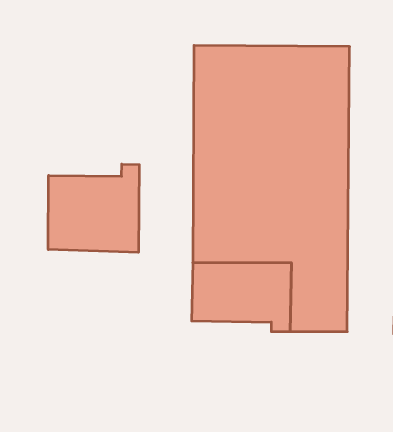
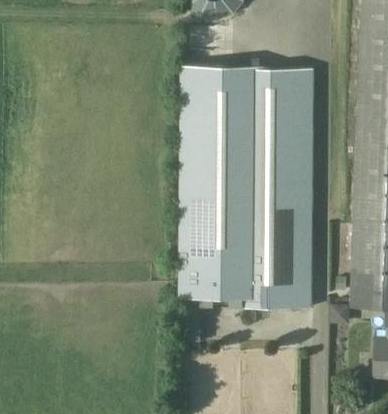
building: [48,164,139,252] -> none

